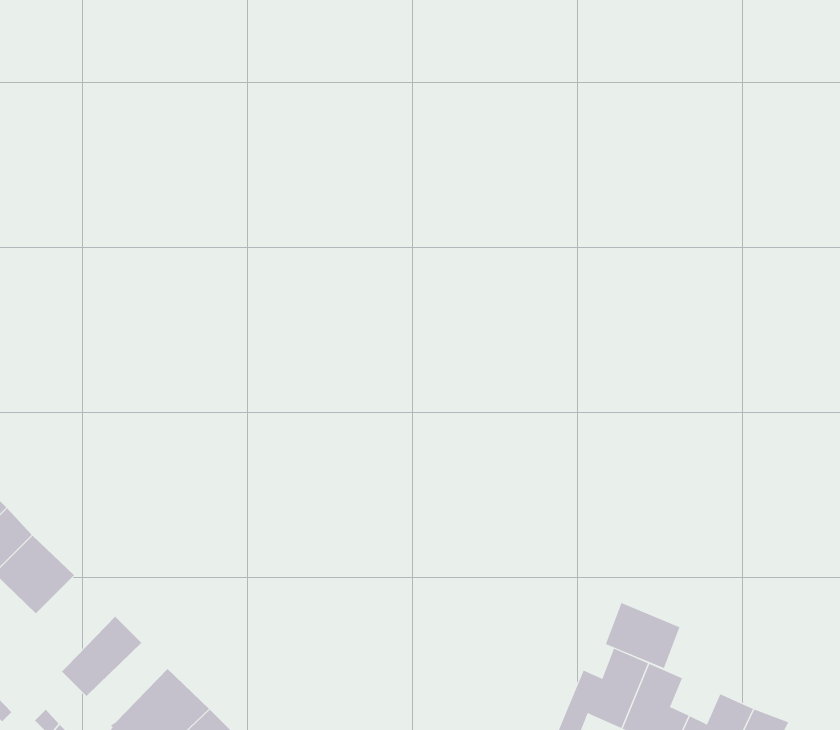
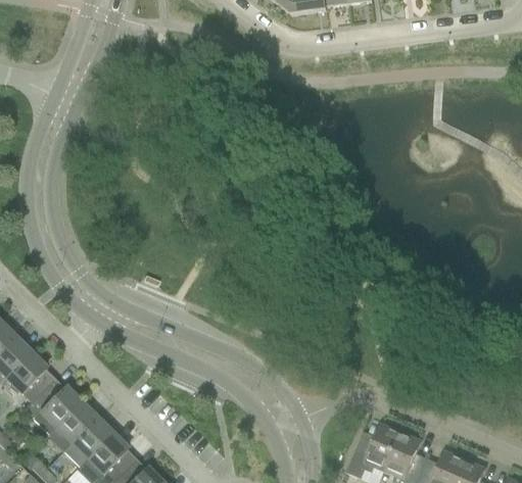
building: none -> [23,378,79,433]
building: [605,602,680,669] -> none
building: none -> [62,419,110,467]

